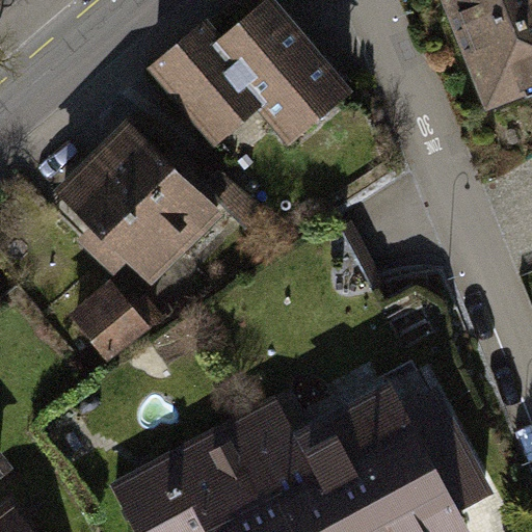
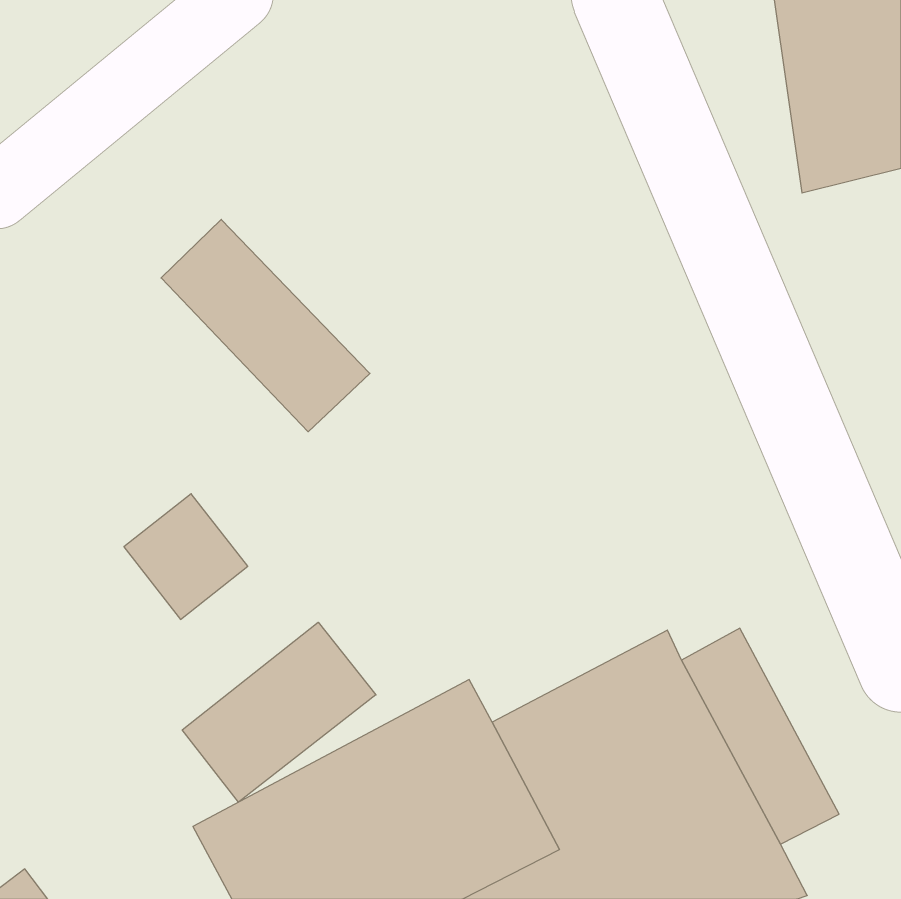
building: [153,4,350,149] -> none
building: [58,163,181,288] -> none
building: none -> [182,622,376,802]

